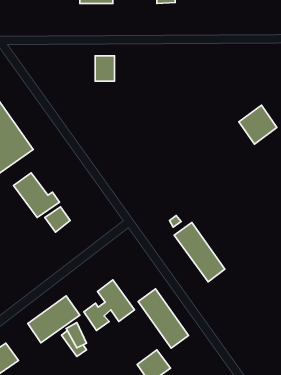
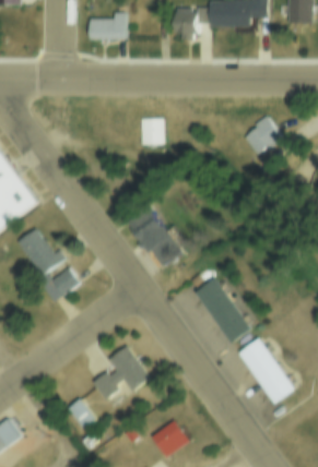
building: [95,56,115,81] -> [141,115,163,143]
building: [239,105,277,144] -> [240,113,283,157]
building: none -> [128,209,182,270]
building: [138,289,189,348] -> [240,344,297,410]
building: [28,296,80,343] -> none

